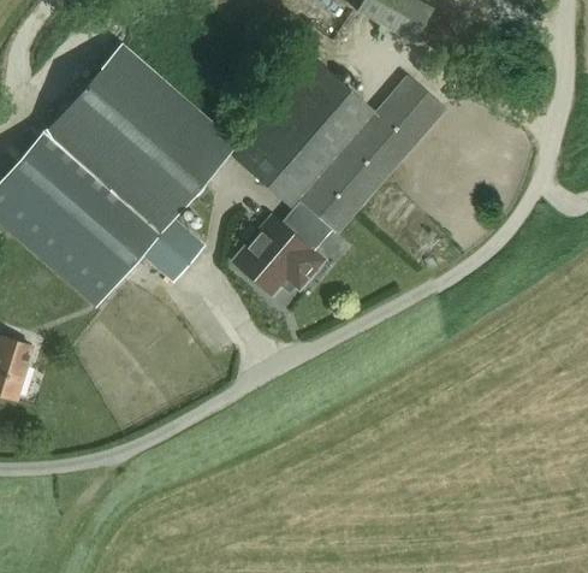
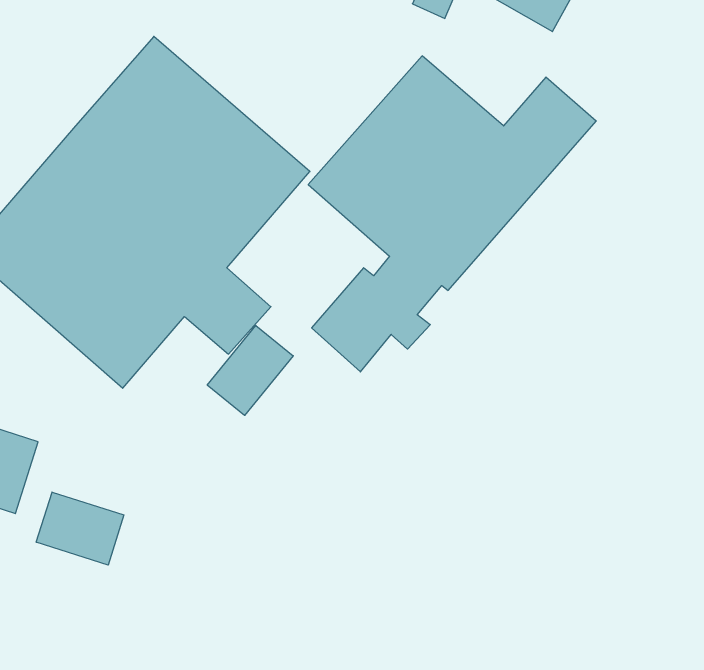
building: none -> [207,325,293,415]
building: none -> [36,492,124,565]

